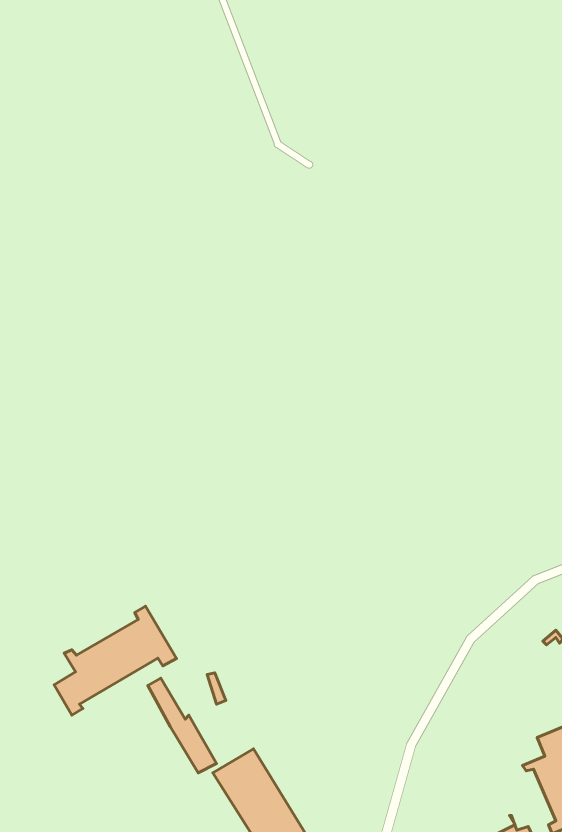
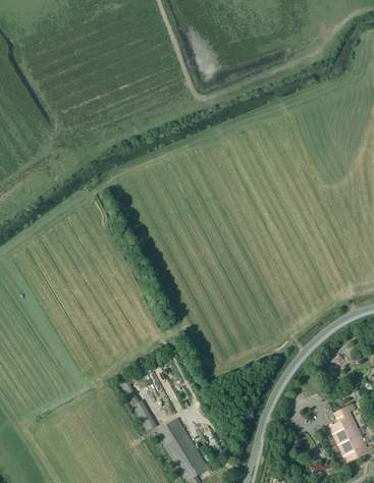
building: [54,606,177,715] -> none

